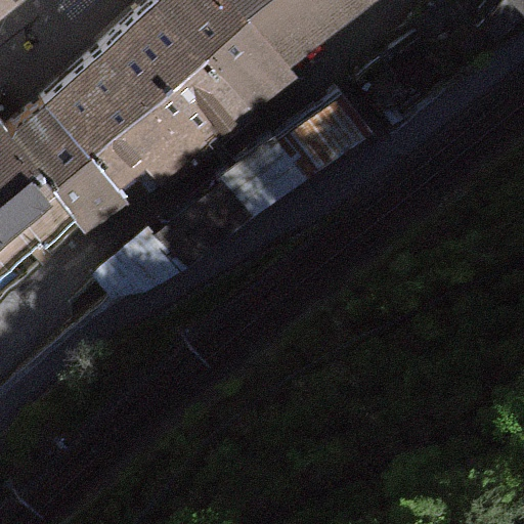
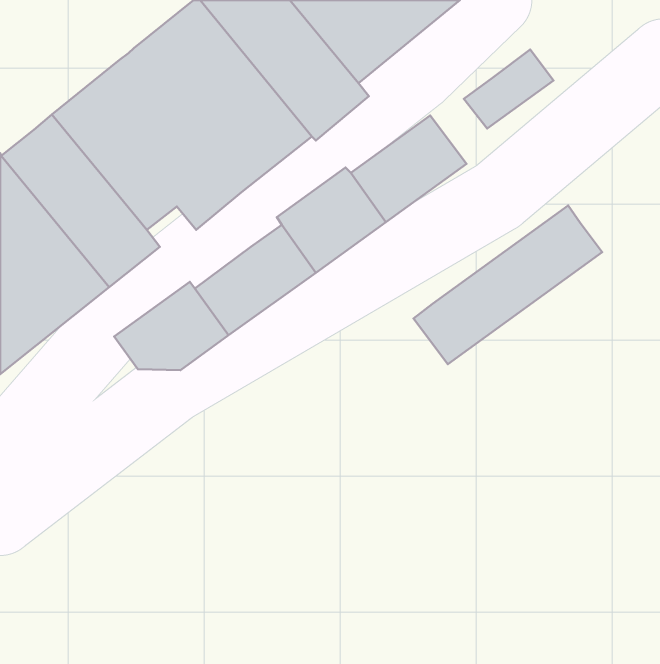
building: none -> [414,206,602,364]

